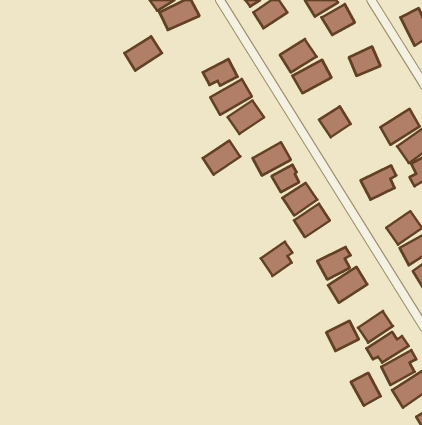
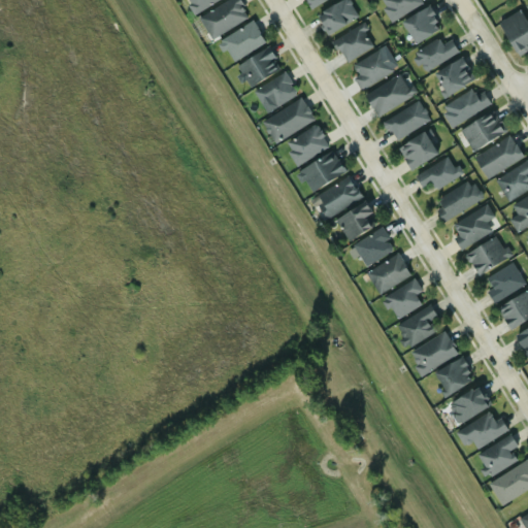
building: none -> [335,24,376,62]
building: none -> [414,39,459,71]
building: [124,36,162,71] -> [221,21,267,63]
building: none -> [238,46,283,88]
building: none -> [441,91,492,126]
building: none -> [385,103,431,140]
building: none -> [462,109,508,152]
building: none -> [417,155,461,195]
building: [203,141,240,175] -> [300,151,346,193]
building: none -> [434,179,484,222]
building: none -> [466,235,510,276]
building: [261,242,292,276] -> [385,277,424,320]
building: [326,321,359,351] -> [435,358,475,395]
building: [351,373,381,406] -> none

